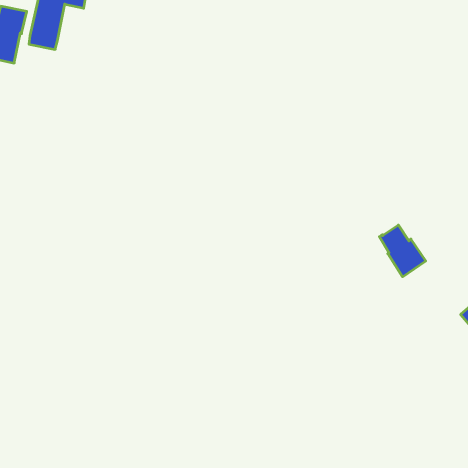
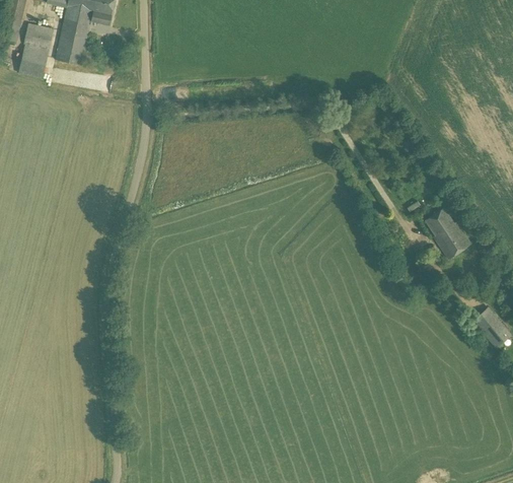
building: [379,225,426,277] -> [426,207,470,257]

